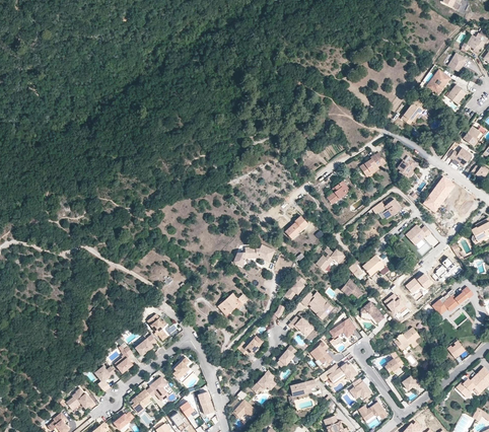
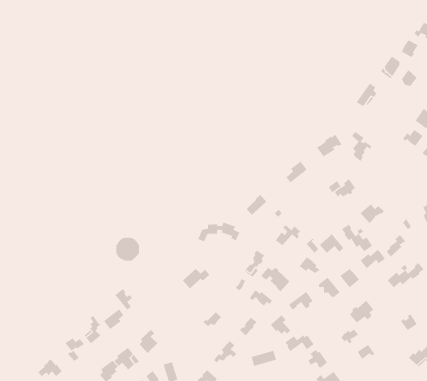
building: [422,175,455,213] -> none
building: none -> [341,224,373,252]

